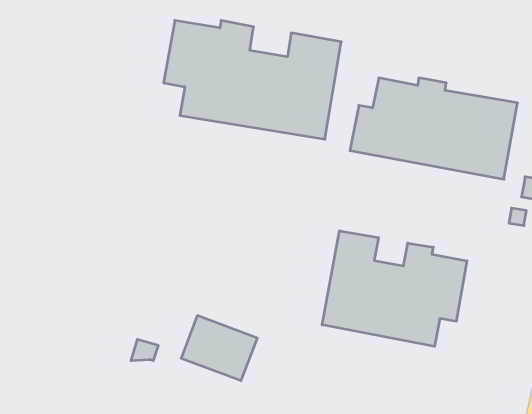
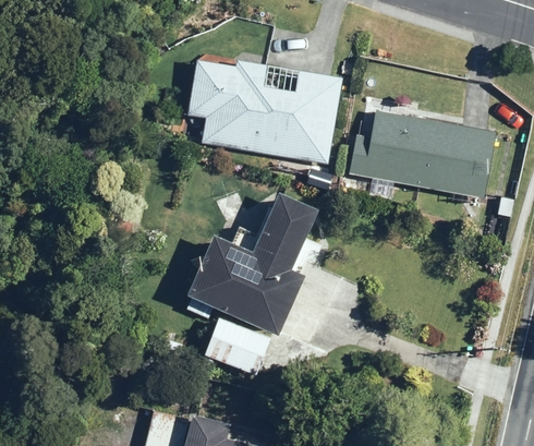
building: none -> [185,193,316,336]
building: [322,231,467,346] -> none

